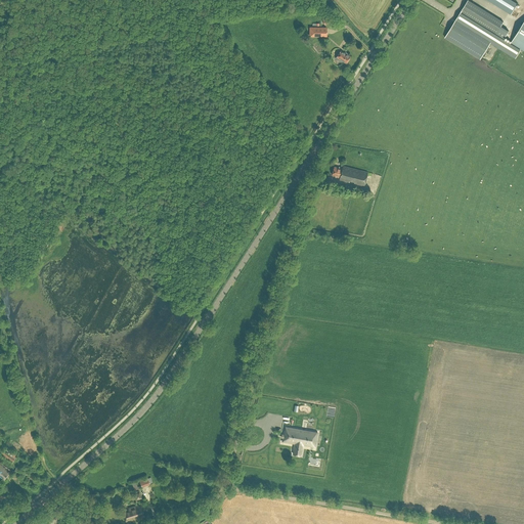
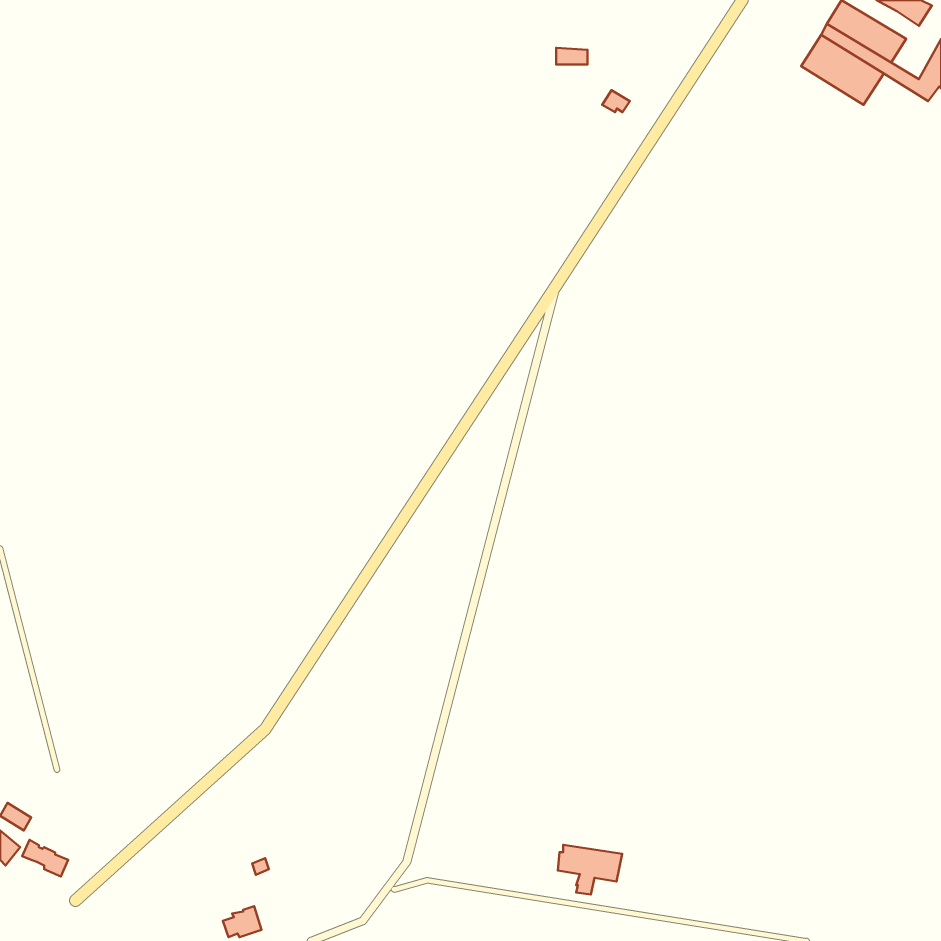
building: [333,166,367,186] -> none
building: [282,427,318,454] -> [558,845,622,894]

